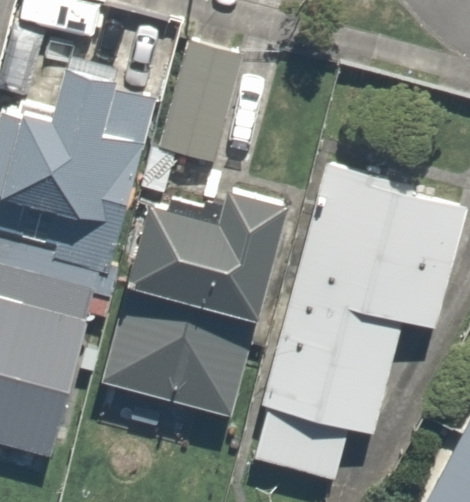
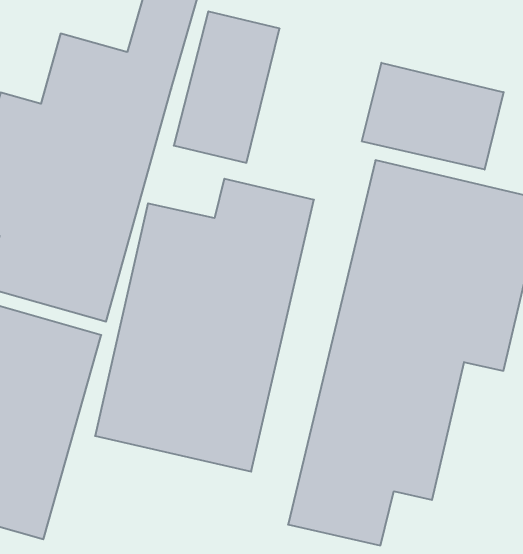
building: none -> [362,63,504,170]

